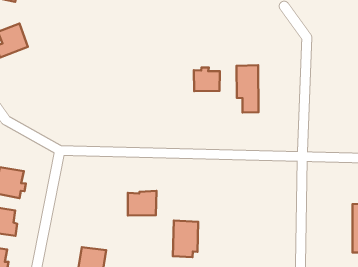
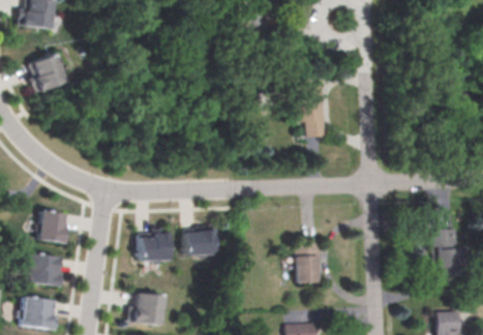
building: [194,67,220,91] -> none
building: none -> [139,233,169,262]
building: [173,220,198,257] -> [295,243,323,282]

